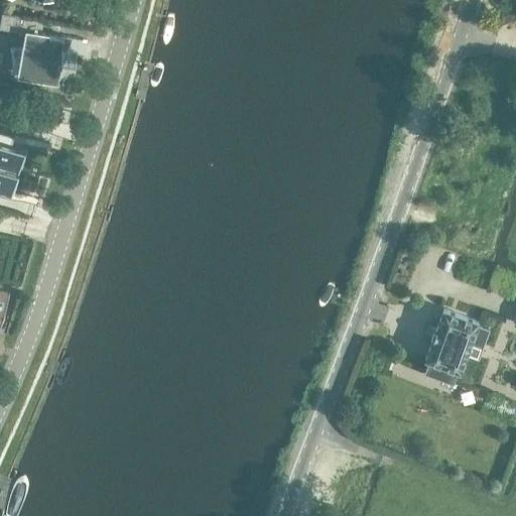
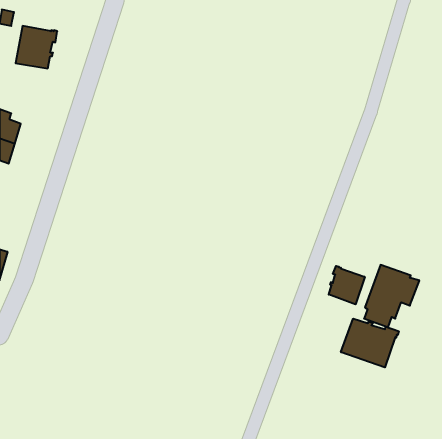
building: none -> [329,266,365,304]
building: none -> [341,319,399,367]

